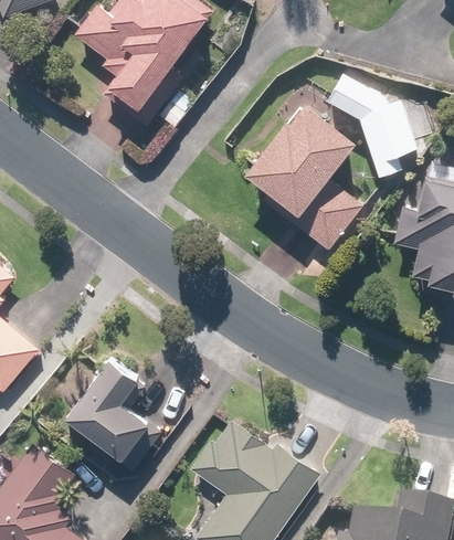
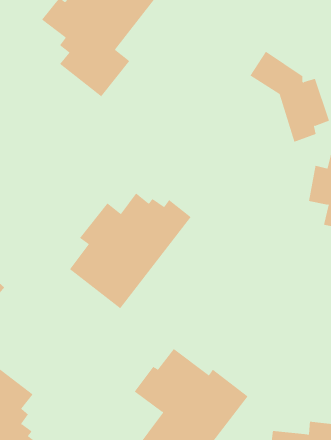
building: [243,99,365,252] -> none
building: none -> [69,193,192,309]
building: [62,354,158,465] -> none

